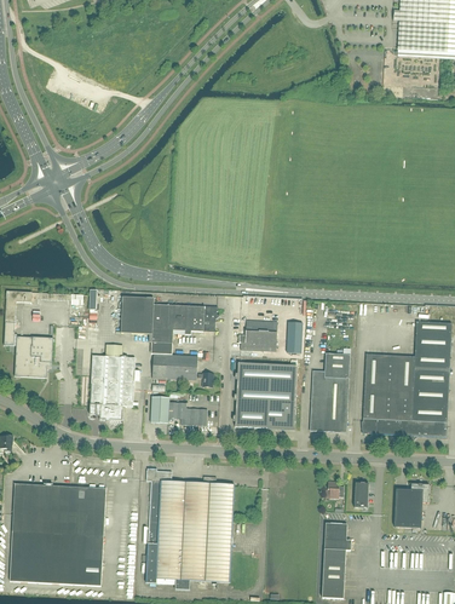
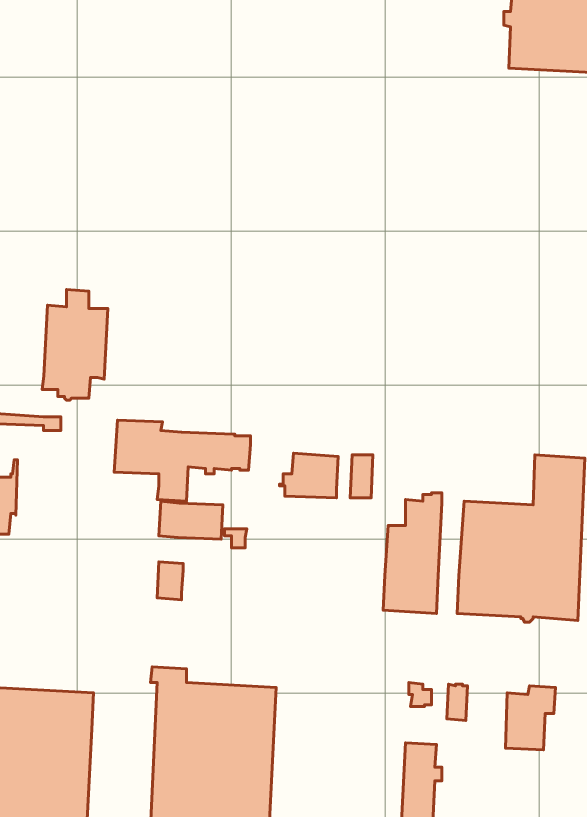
building: [88,344,134,421] -> [42,290,108,400]
building: [234,362,298,428] -> none
building: [167,402,207,425] -> none

